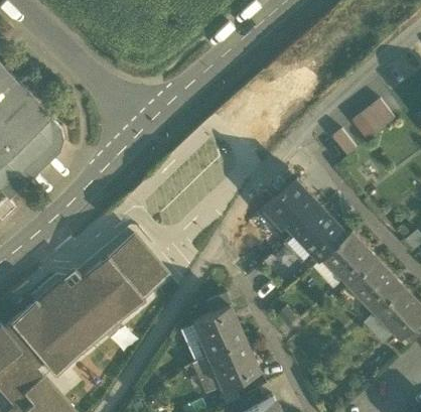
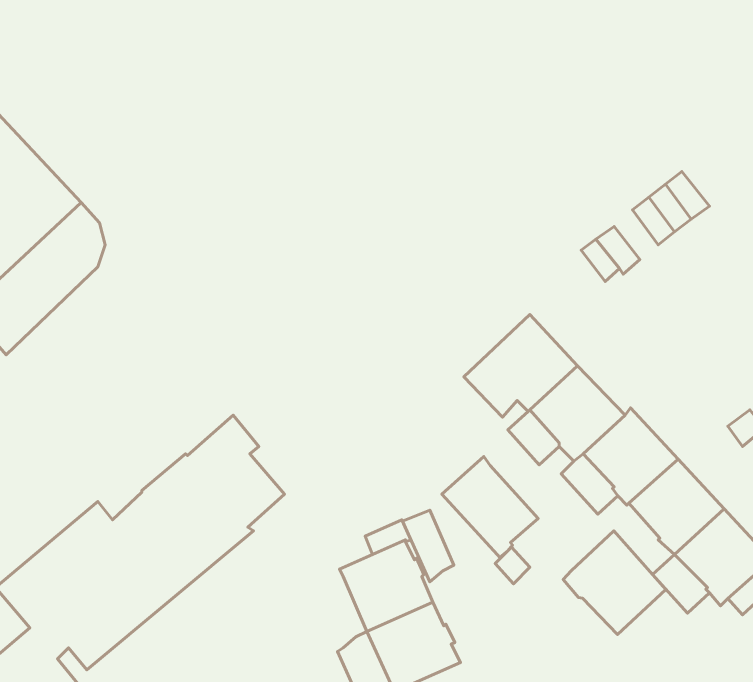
building: none -> [442,456,538,557]
building: none -> [563,531,666,635]
building: [178,321,206,361] -> [402,510,454,582]

